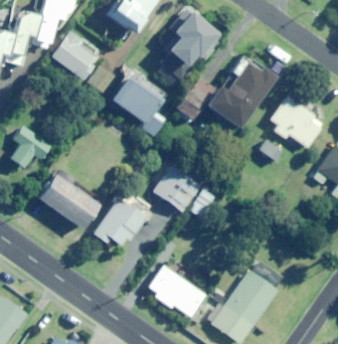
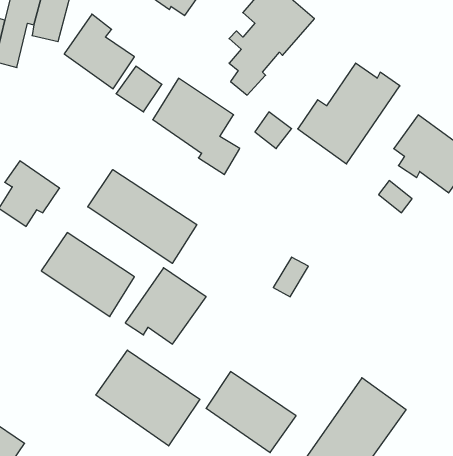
building: none -> [88,170,197,263]
building: [154,166,200,210] -> none
building: none -> [96,350,200,446]

